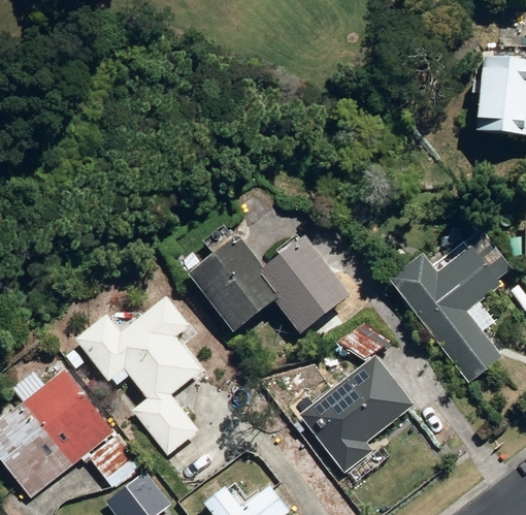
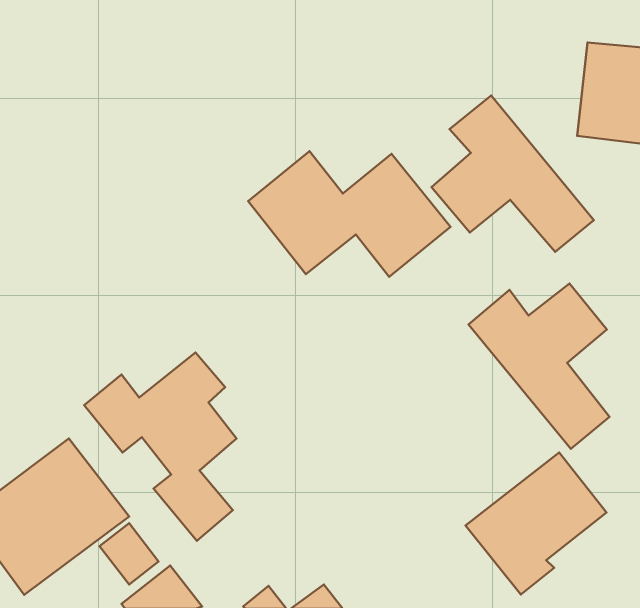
building: none -> [432,95,594,252]
building: [189,237,352,339] -> [248,151,451,277]
building: [300,358,414,473] -> [466,452,607,595]

